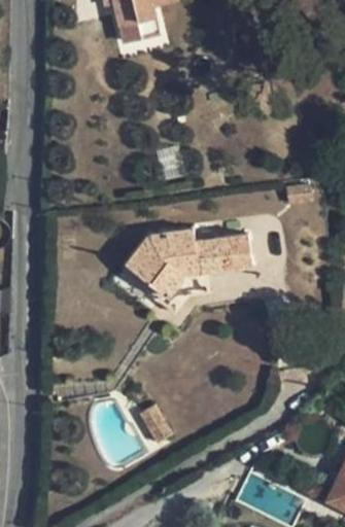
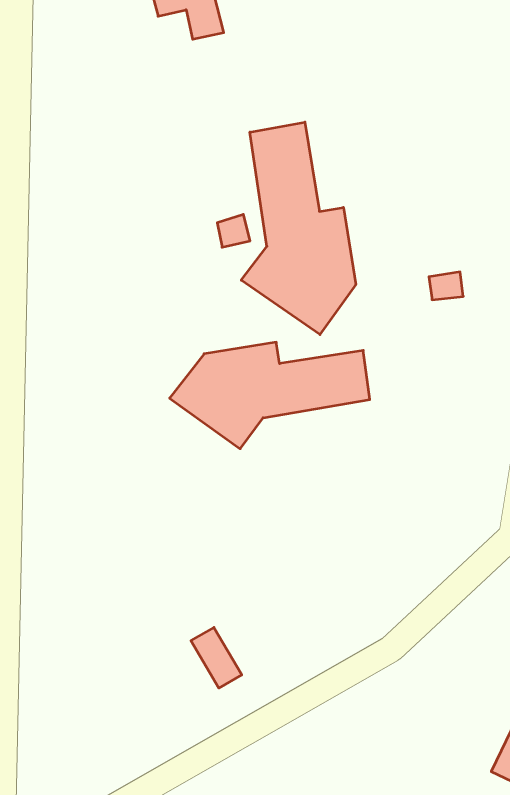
building: none -> [241,122,356,335]

